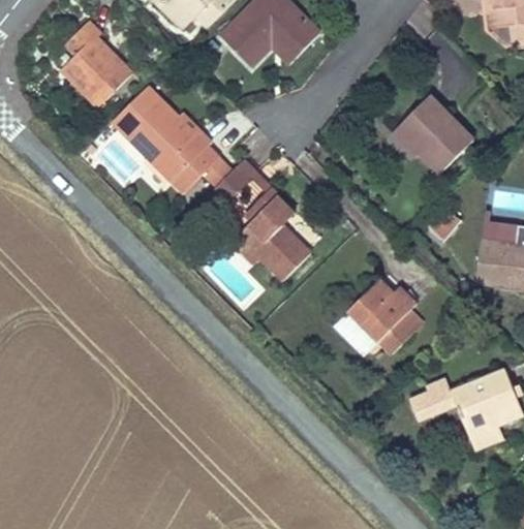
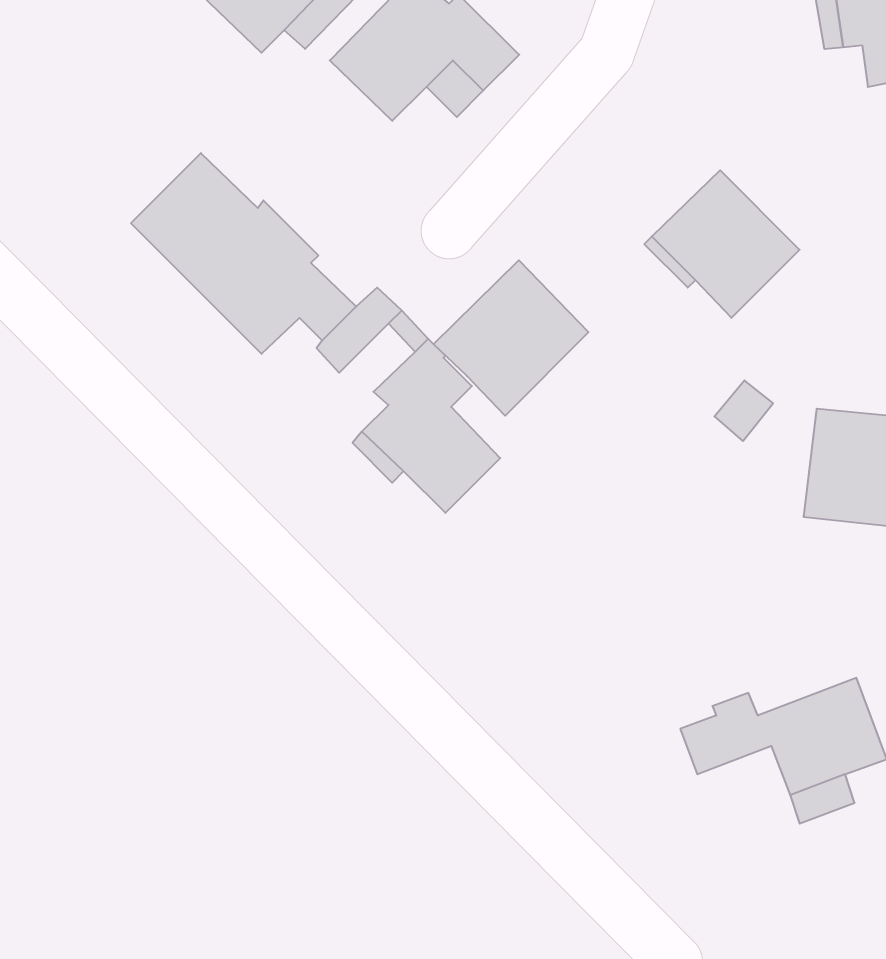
building: [58,19,133,107] -> none
building: none -> [434,260,588,416]
building: [349,282,419,343] -> none

